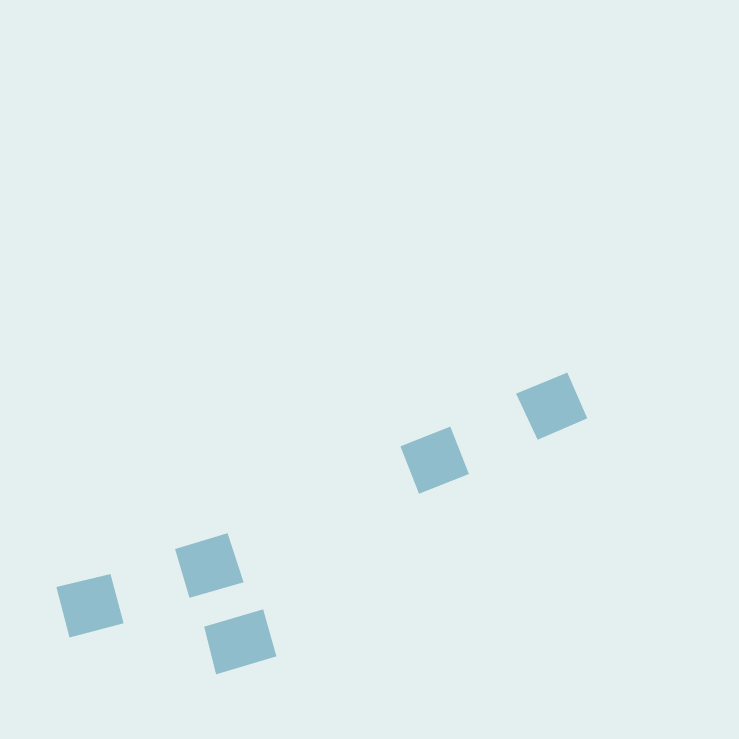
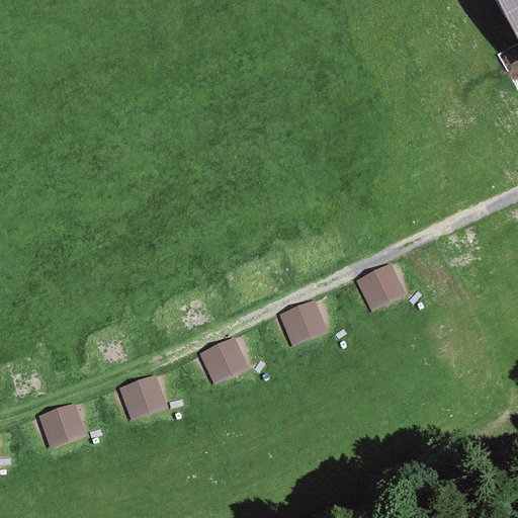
building: none -> [199,336,248,383]
building: [203,608,277,675] -> none

